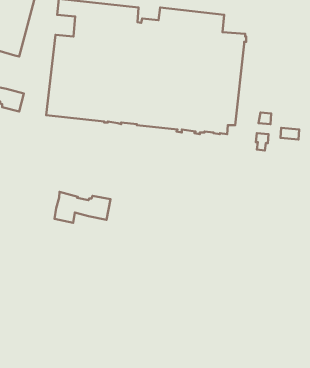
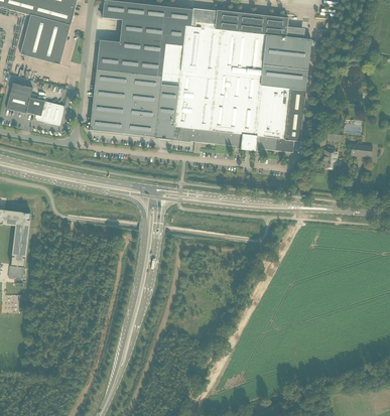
building: [54,192,110,223] -> none

